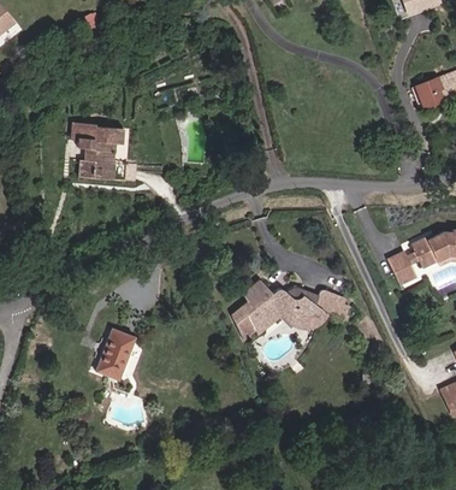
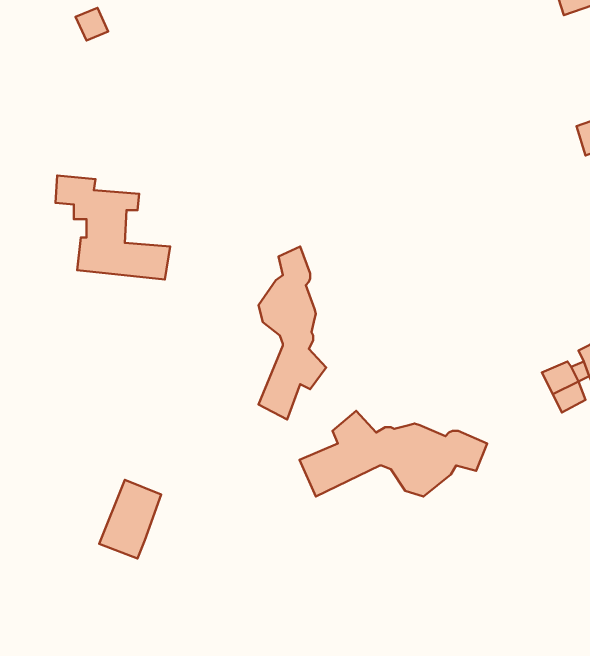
building: none -> [258,247,326,420]

